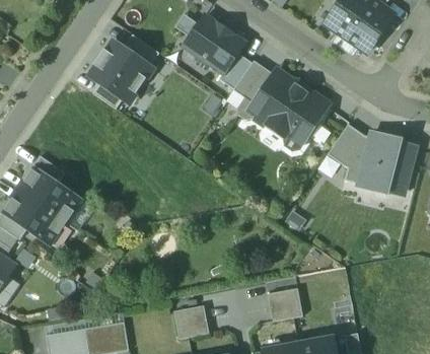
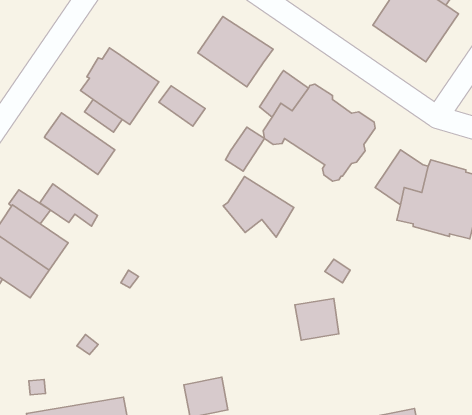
building: [122,33,159,66] -> [159,86,205,126]
building: [219,53,250,88] -> [225,127,264,171]
building: none -> [45,113,115,174]
building: none -> [223,176,294,237]
building: none -> [40,184,97,226]
building: [267,287,302,321] -> [295,299,339,340]

